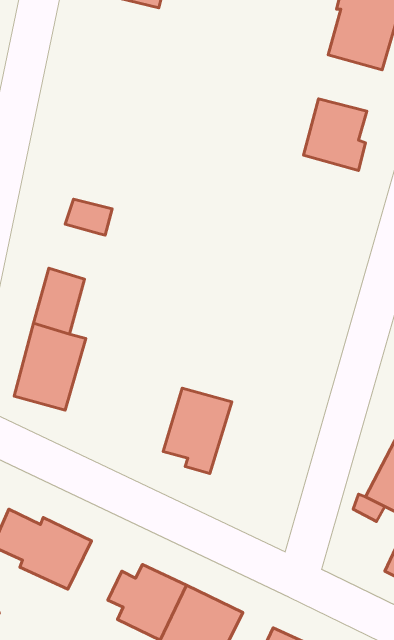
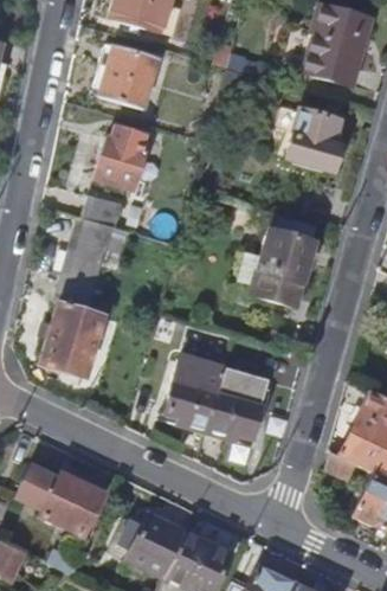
building: none -> [93,45,159,111]
building: none -> [95,126,148,191]
building: none -> [237,214,316,309]
building: none -> [71,218,112,259]
building: none -> [207,367,270,439]

